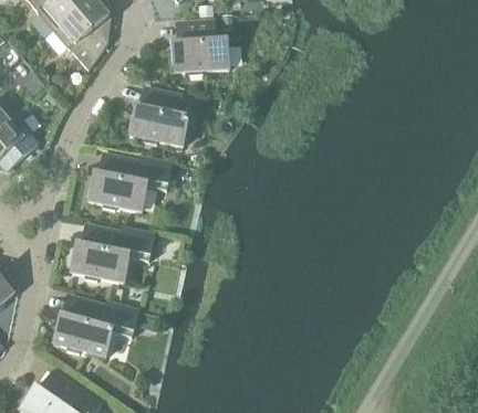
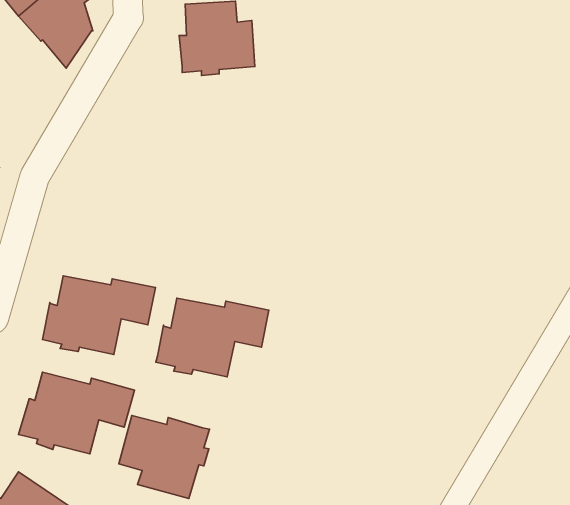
building: [128,87,189,146] -> none
building: [87,153,172,212] -> [156,298,269,377]
building: none -> [119,416,209,499]

